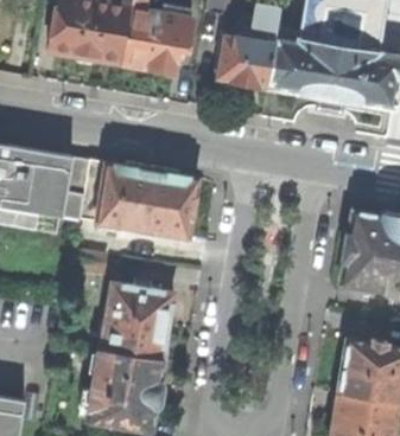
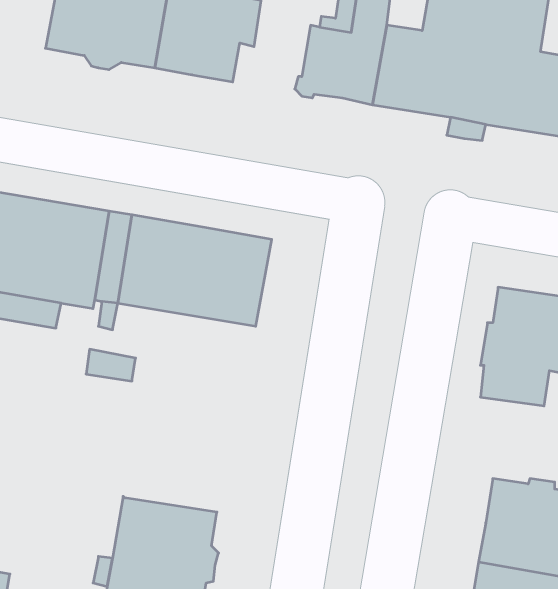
building: [101,284,174,360] -> none

